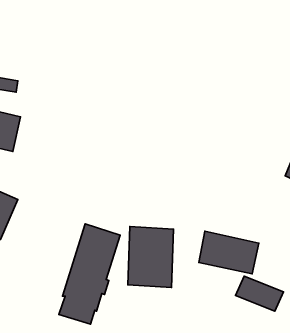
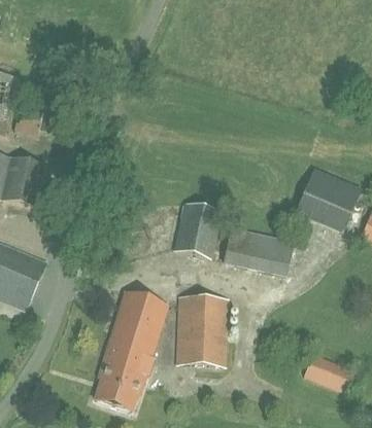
building: none -> [294,168,361,233]
building: none -> [172,202,222,258]
building: [199,231,259,274] -> [223,226,294,277]

